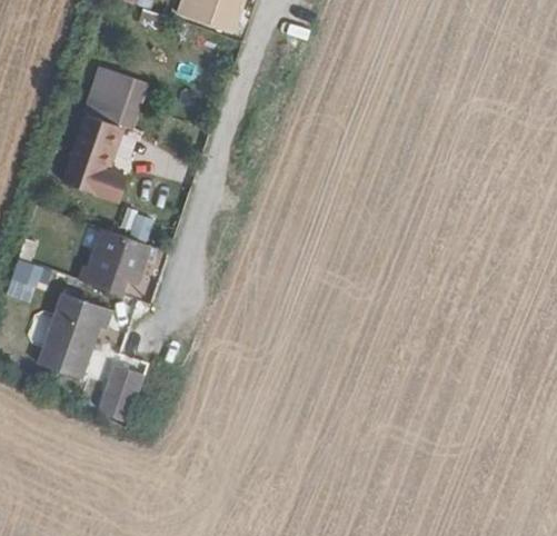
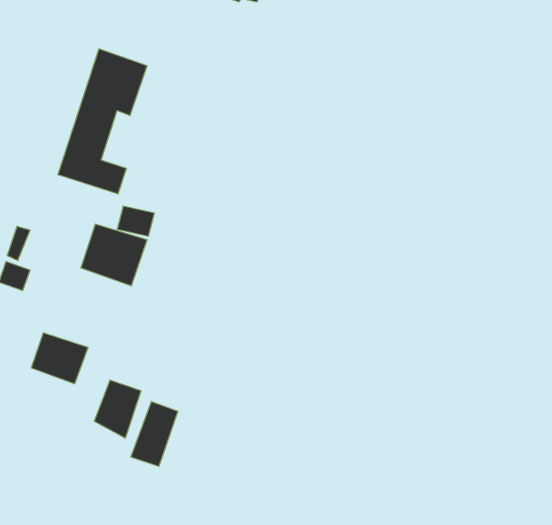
building: [51,294,111,343] -> none
building: none -> [131,401,178,466]

